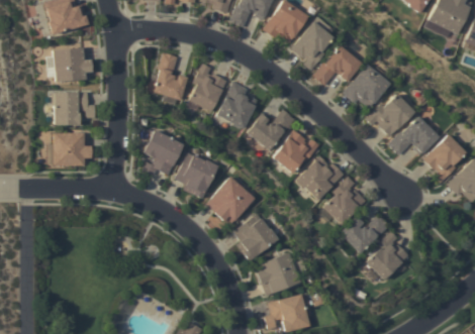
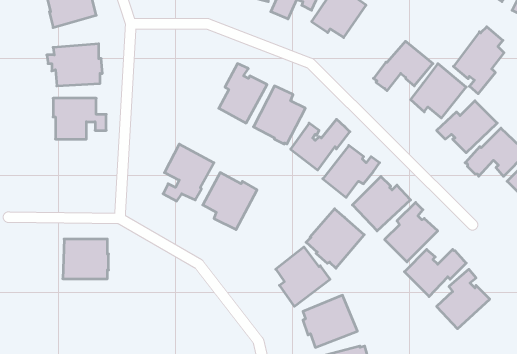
building: [292,16,334,71] -> [453,27,504,94]
building: [153,52,187,100] -> none
building: [54,133,91,165] -> [63,239,109,279]
building: [207,177,255,225] -> [306,209,364,268]

